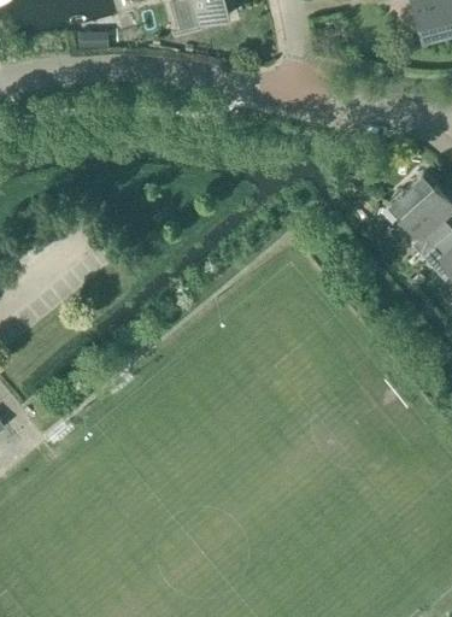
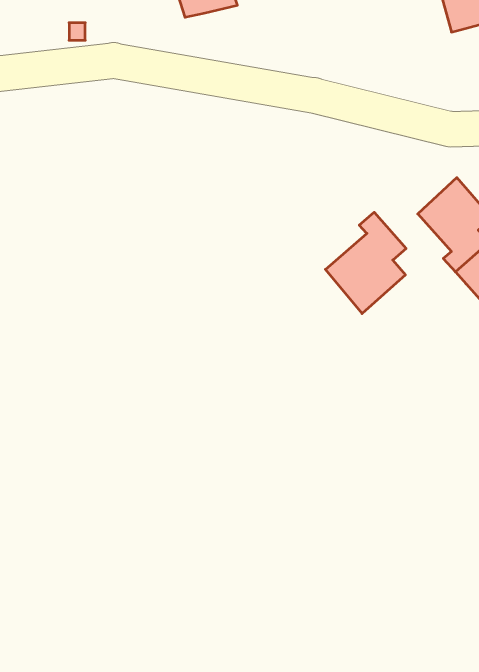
building: none -> [325,212,406,314]

